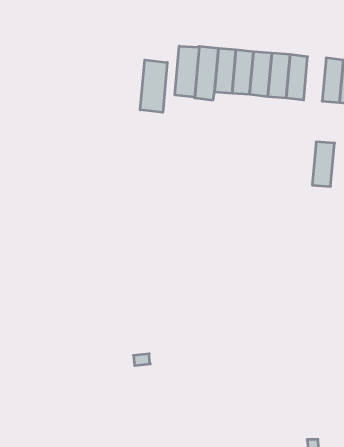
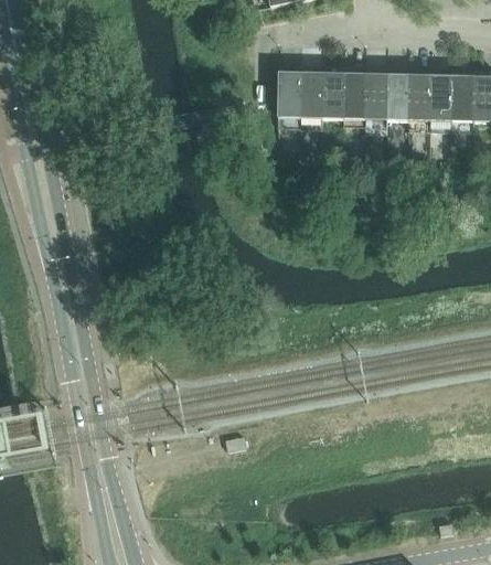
building: [175,46,199,97] -> none
building: [140,60,167,112] -> none
building: [312,142,335,186] -> [408,71,431,122]

